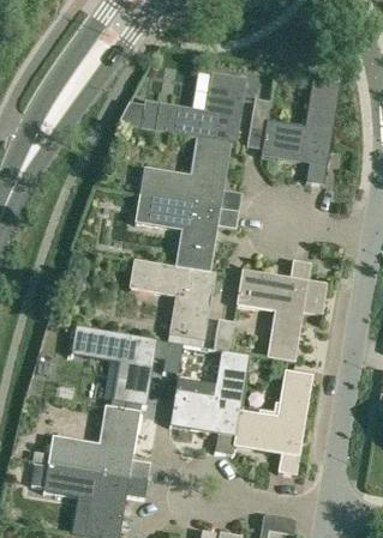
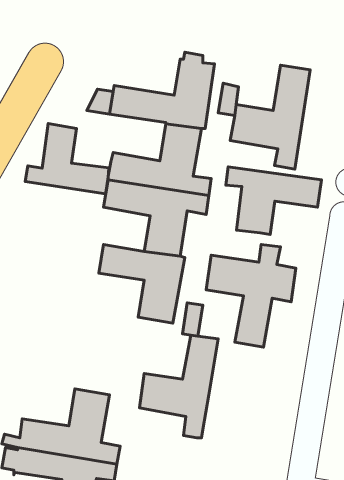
building: none -> [25,123,109,194]
building: none -> [226,167,321,235]
building: [70,325,182,405] -> none
building: [233,370,312,473] -> none

